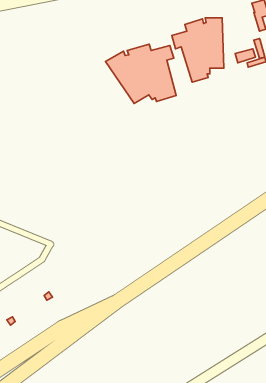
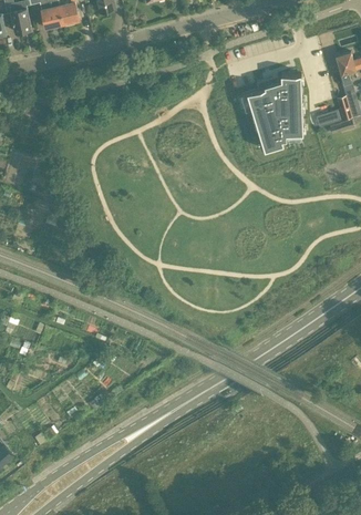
building: [106,44,176,103] -> none

